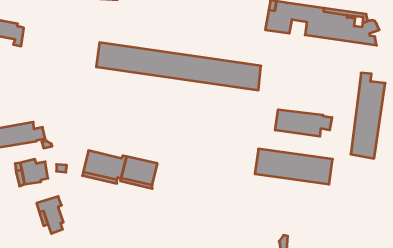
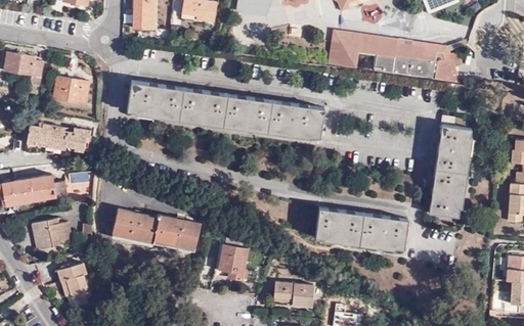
building: none -> [53,77,89,104]
building: none -> [27,124,90,152]
building: [275,110,332,136] -> none
building: none -> [219,244,247,280]
building: none -> [274,282,313,308]

